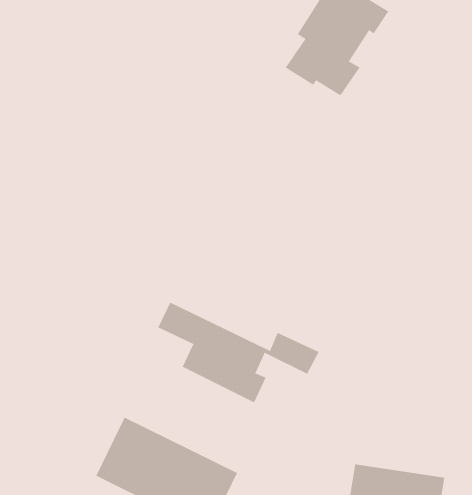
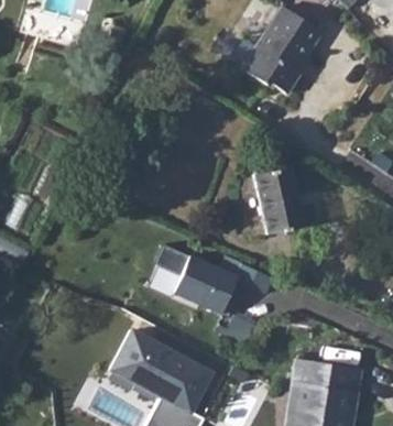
building: none -> [254,165,304,231]

